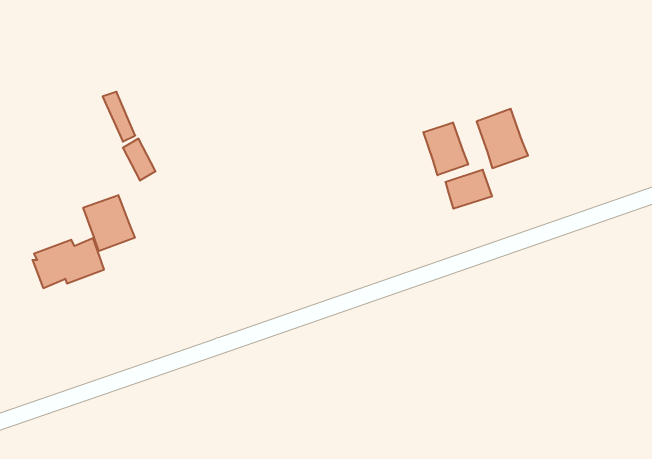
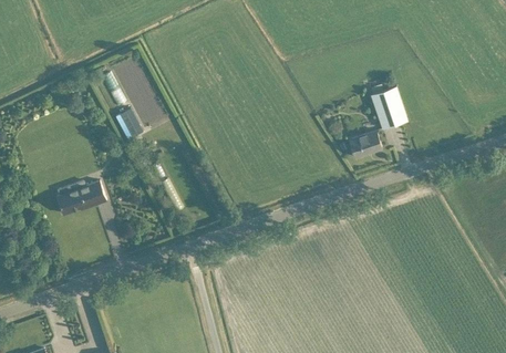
building: [423,122,468,175] -> none
building: [83,195,135,251] -> none

